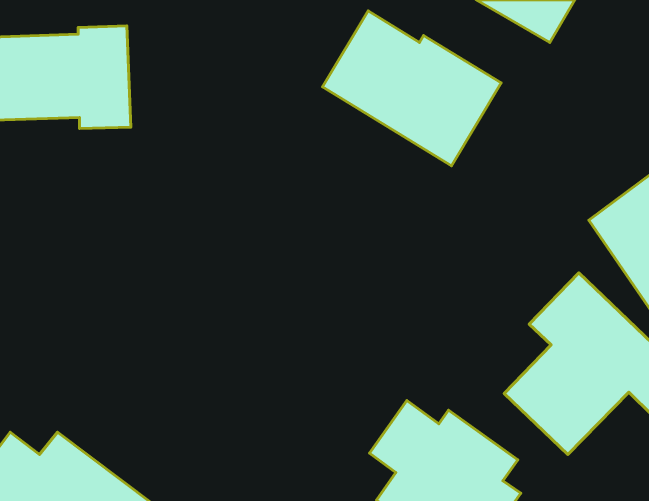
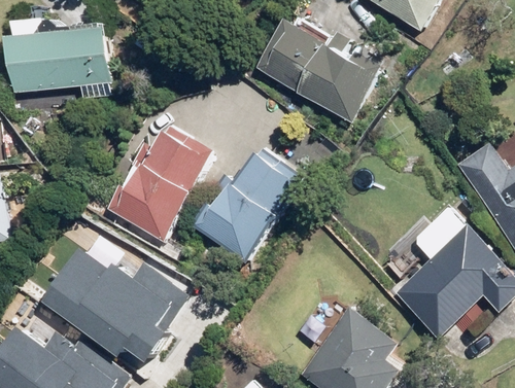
building: none -> [101,124,212,241]
building: none -> [194,142,308,263]
building: none -> [45,246,184,366]

